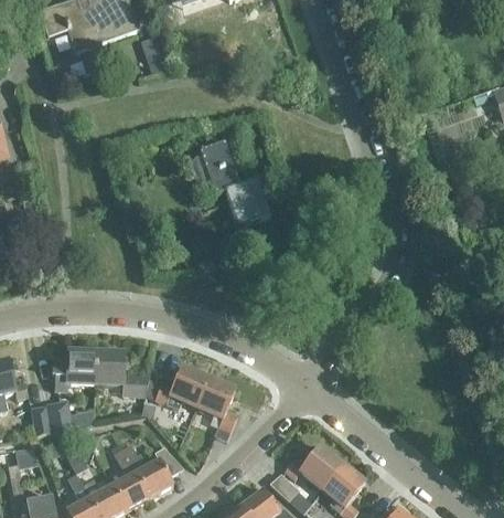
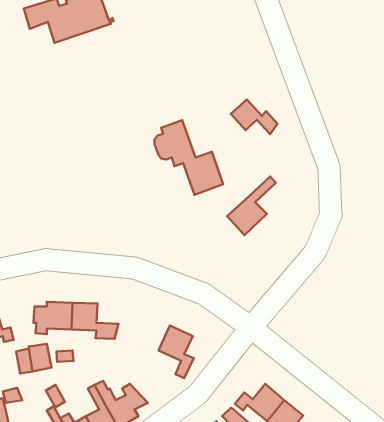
building: none -> [231,99,278,134]
building: none -> [227,176,276,235]
building: [157,367,210,410] -> none

